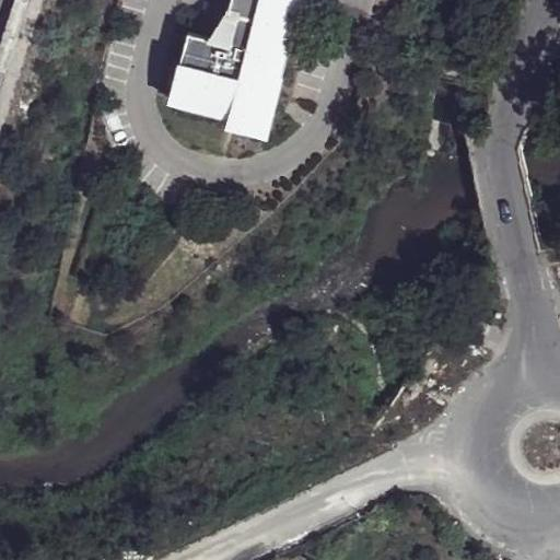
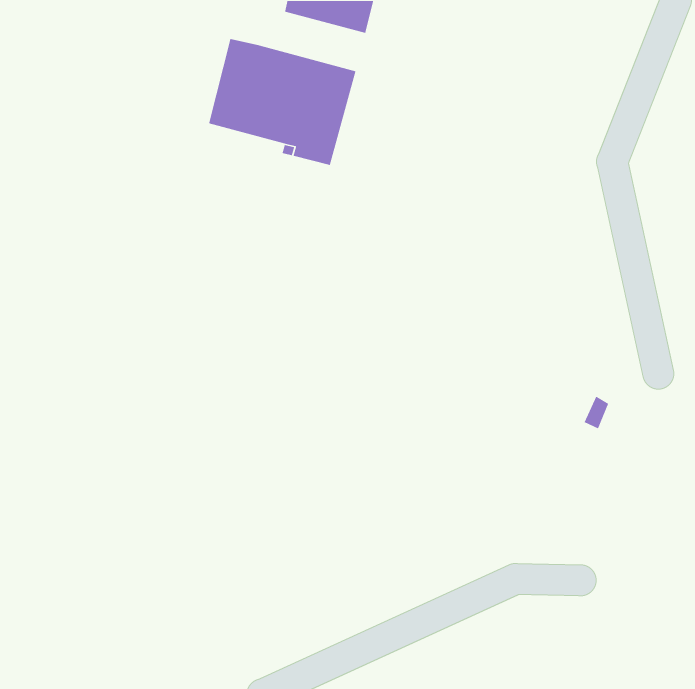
building: [209,14,294,61] -> none

